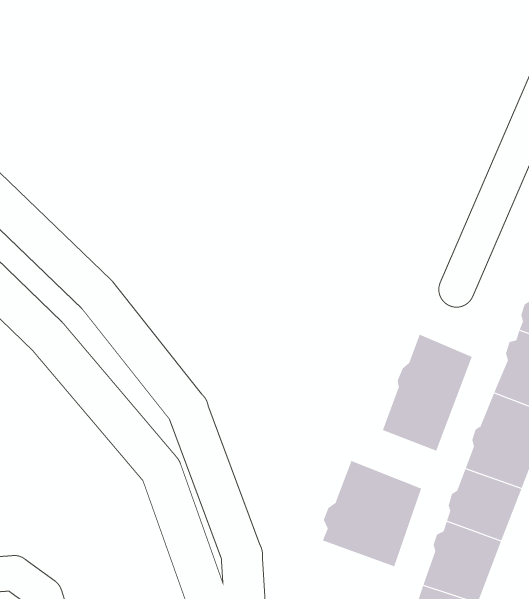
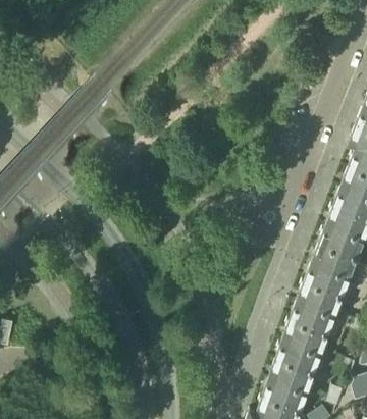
building: [382,334,473,451] -> none
building: [322,460,422,567] -> none

